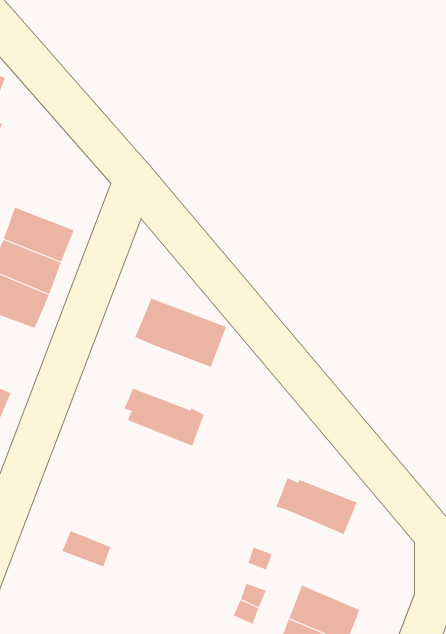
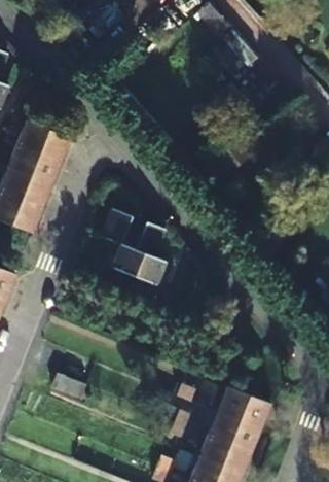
building: none -> [17,122,69,163]
building: [124,388,204,447] -> [110,244,167,285]
building: [275,478,358,535] -> [212,389,269,429]

